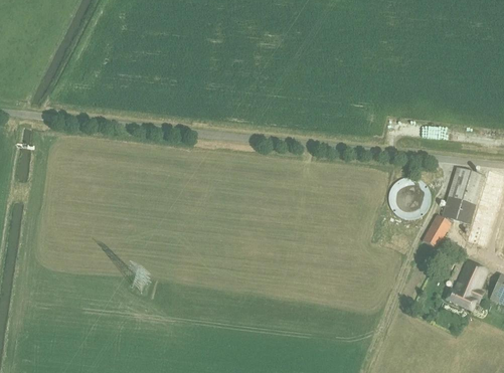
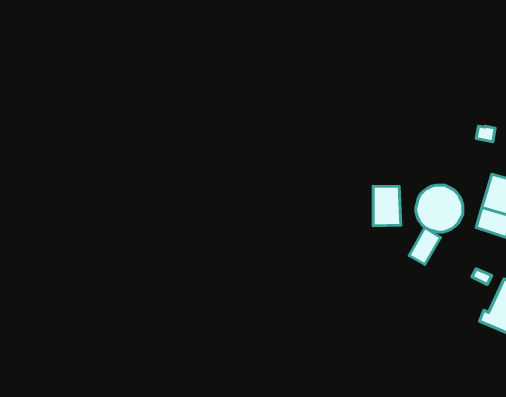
building: none -> [373,186,401,226]
building: [423,214,451,247] -> [409,228,440,264]

